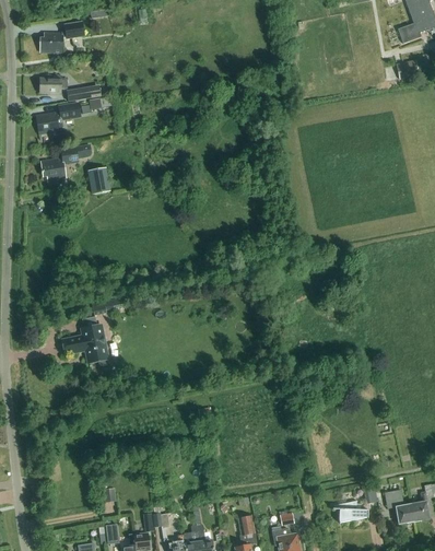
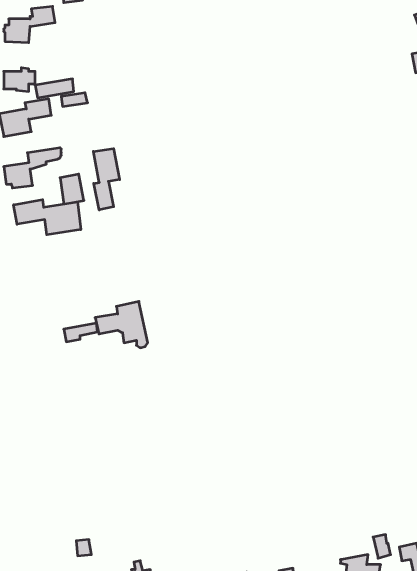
building: none -> [93,149,120,210]
building: none -> [14,200,81,235]
building: [62,326,108,366] -> [95,301,148,348]

